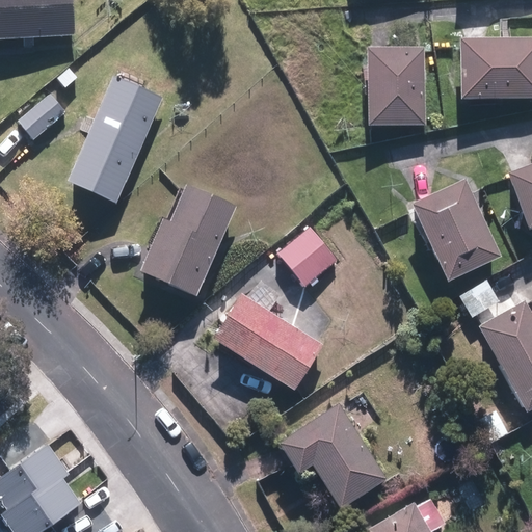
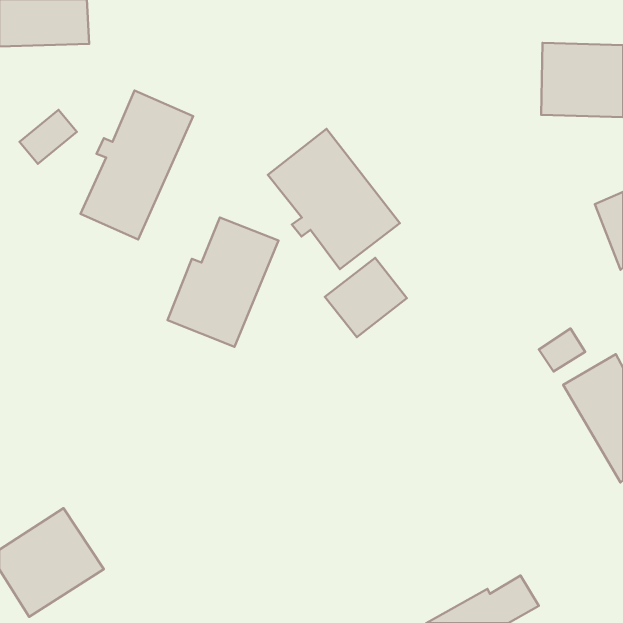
building: [368,48,425,128] -> none
building: none -> [268,129,400,269]
building: [411,181,497,281] -> none
building: [215,282,324,391] -> none
building: [281,404,388,509] -> none

